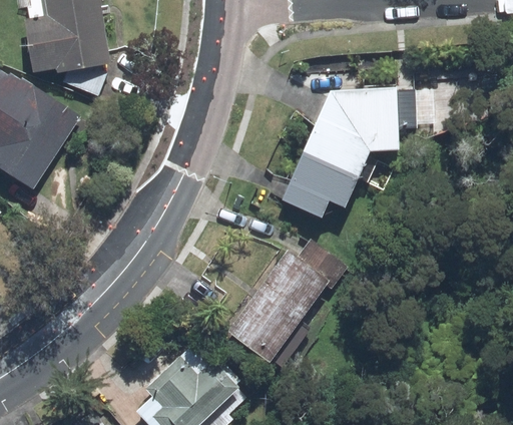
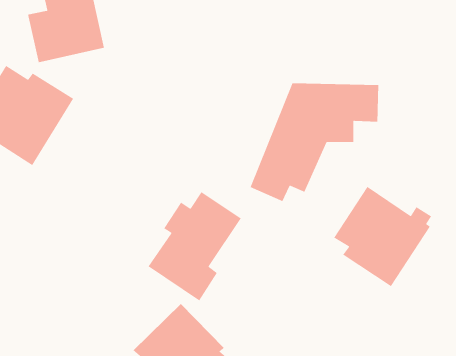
building: none -> [333,186,432,287]
building: [230,248,333,367] -> [147,191,242,302]

